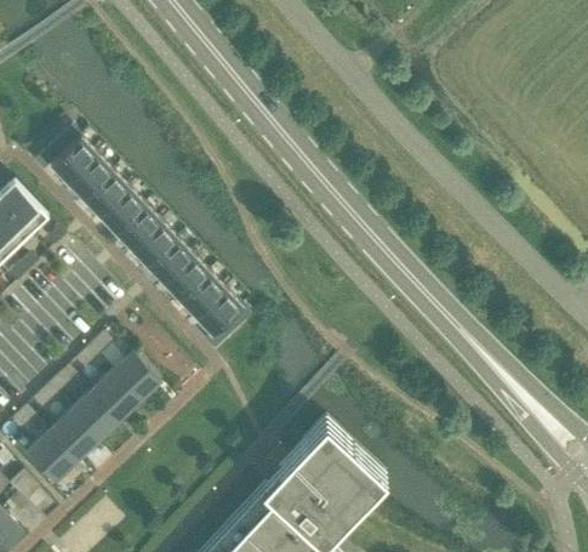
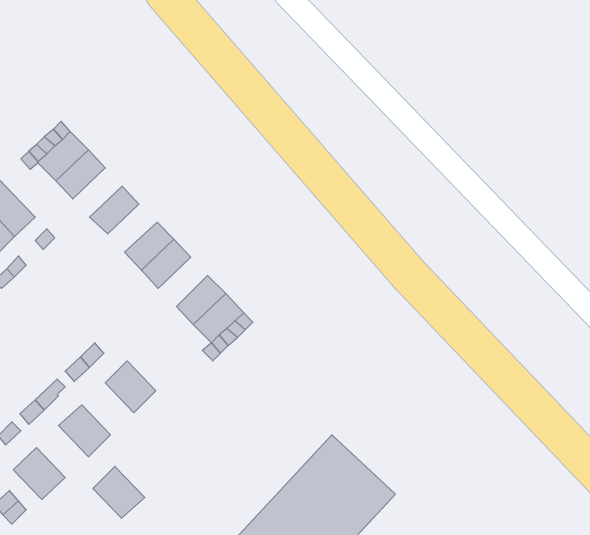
building: [82,171,129,217] -> none
building: [115,205,161,250] -> none
building: [162,255,209,301] -> none
building: [91,372,139,421] -> none
building: [48,412,97,461] -> [93,466,145,518]

